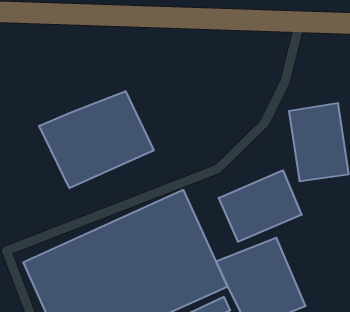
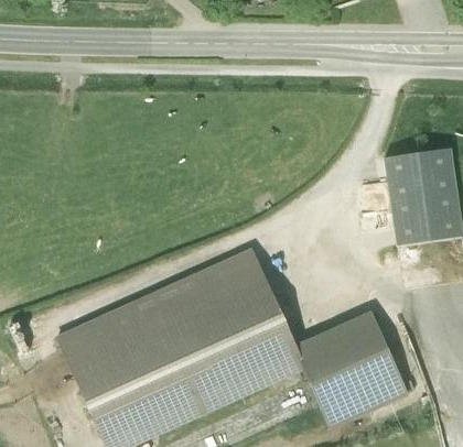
building: [39,91,154,188] -> none
building: [219,170,302,242] -> none

